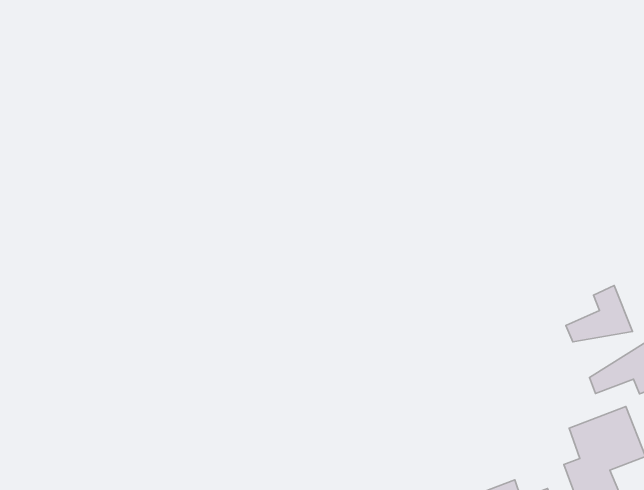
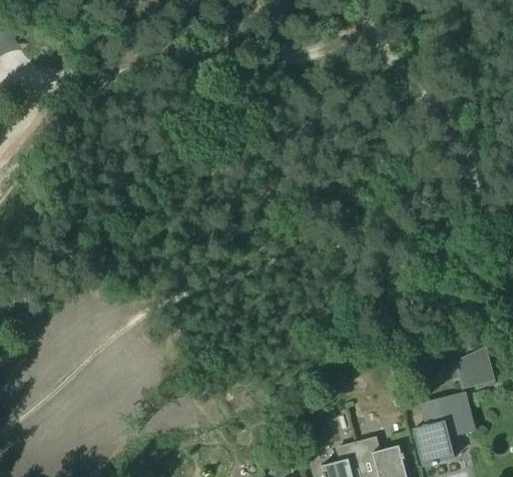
building: [566,285,633,342] -> none

